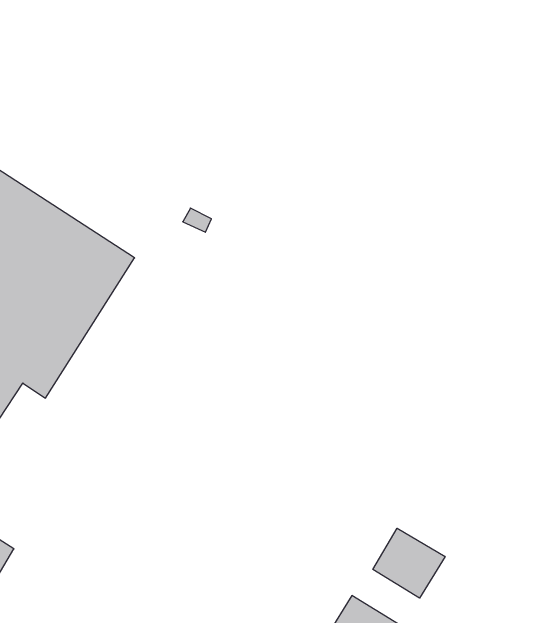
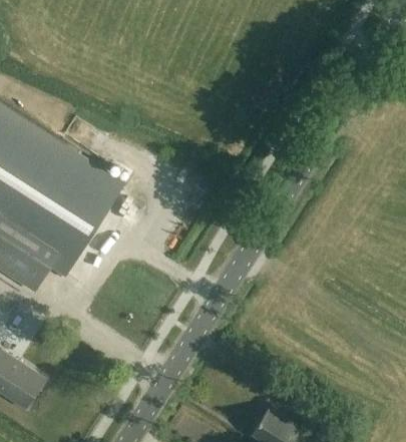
building: [373,528,445,598] -> none

